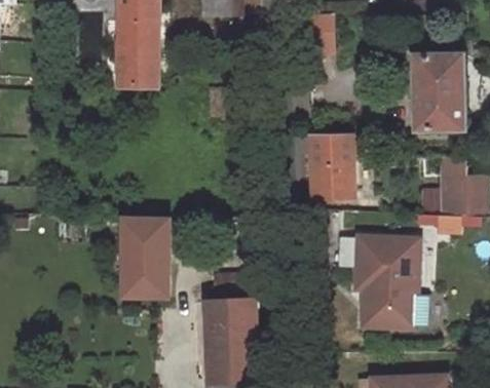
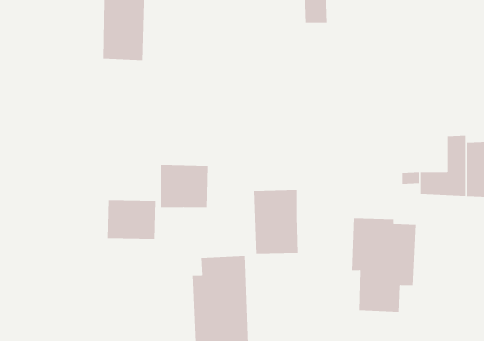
building: [413,52,464,130] -> none
building: [309,134,352,196] -> [253,190,298,254]
building: [121,257,167,298] -> [160,165,209,208]

